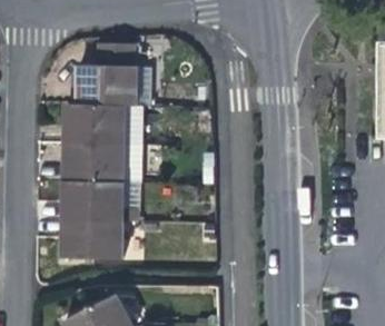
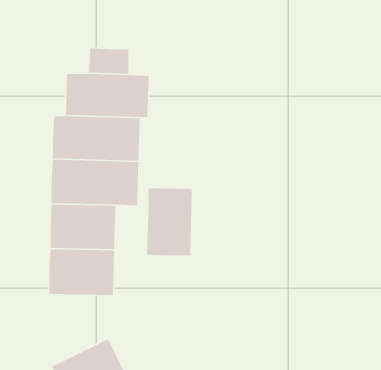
building: none -> [146,187,192,256]

